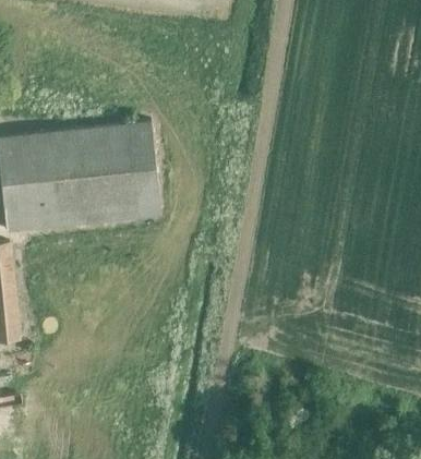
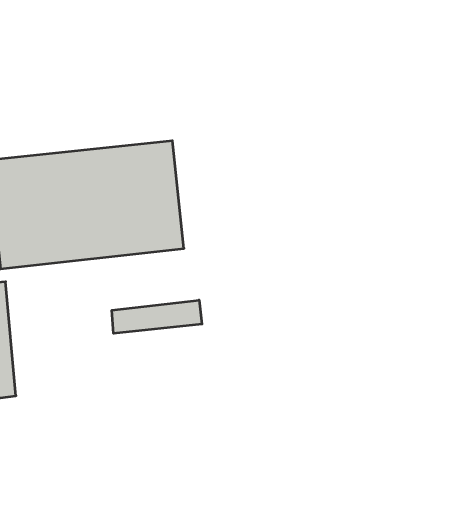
building: none -> [112,300,202,333]

